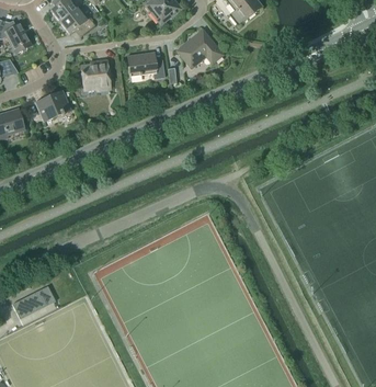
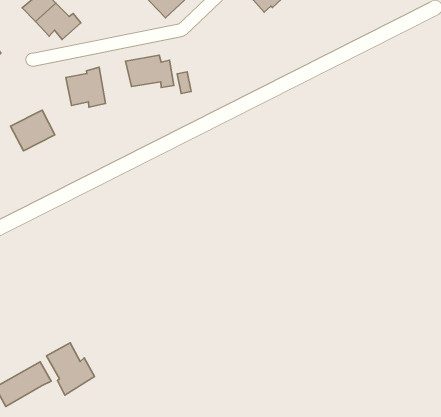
building: [175,29,223,68] -> none
building: none -> [46,343,95,395]

